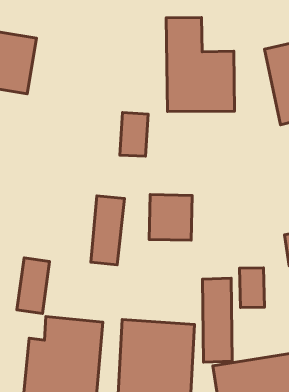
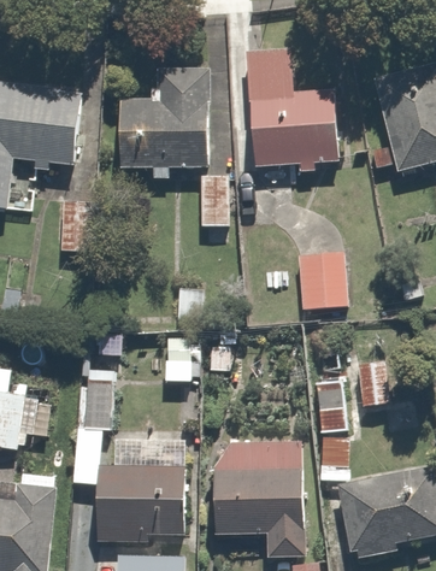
building: none -> [117,61,213,170]
building: [149,195,192,240] -> [299,251,354,310]

